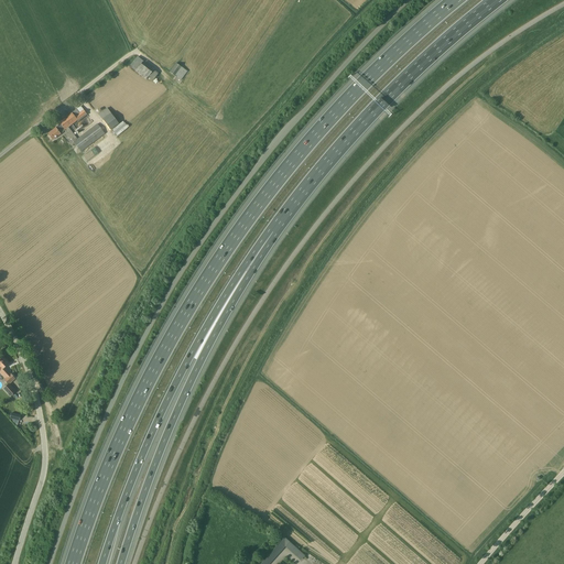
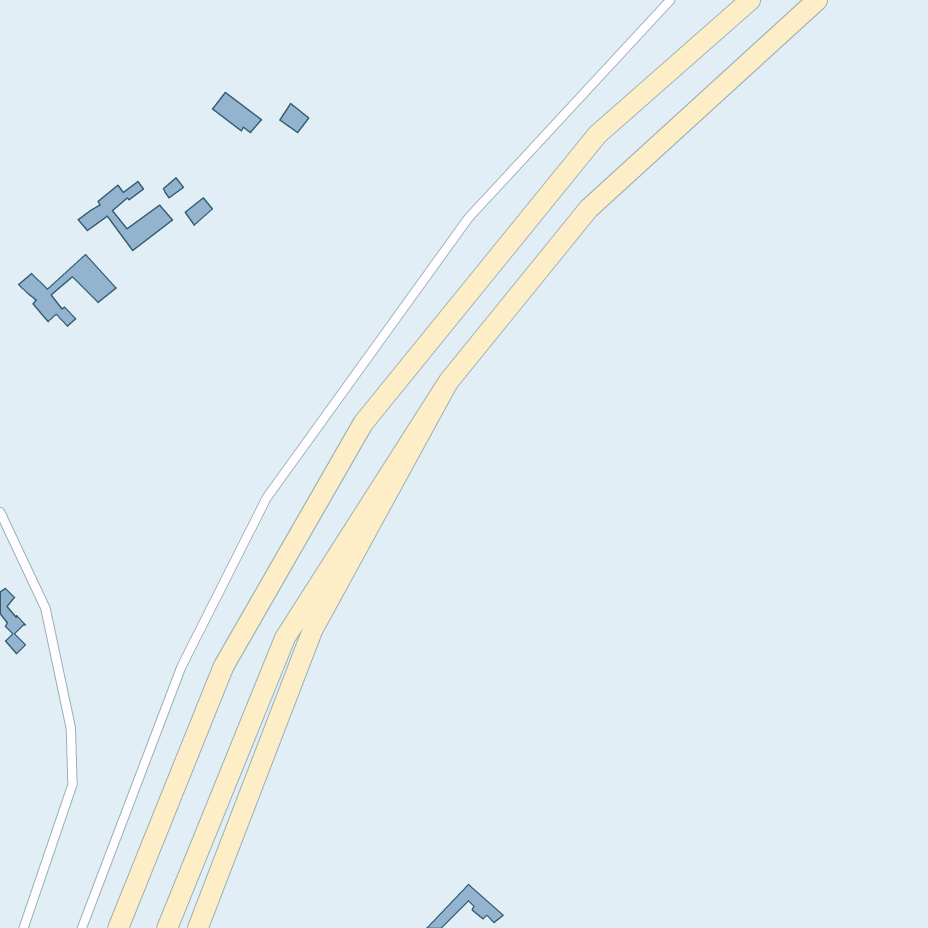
building: none -> [19,255,116,326]

